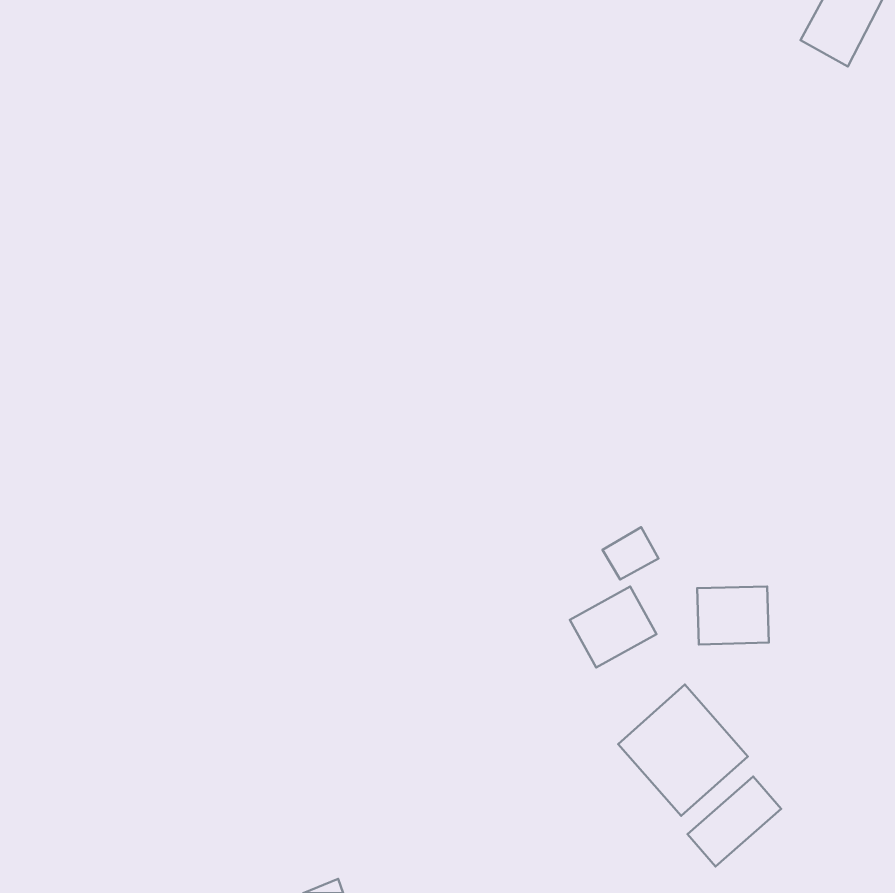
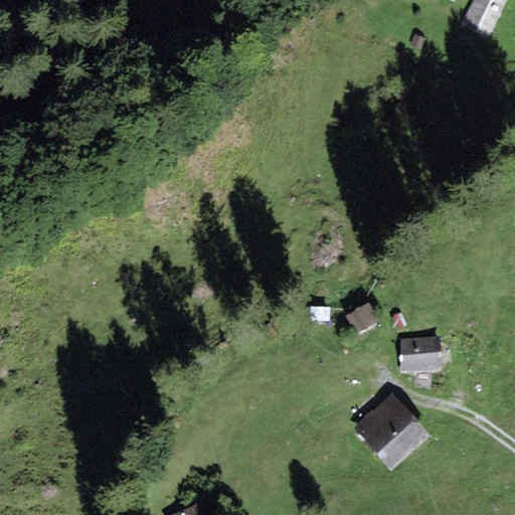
building: [570,587,656,667] -> none
building: [688,776,781,867] -> none

